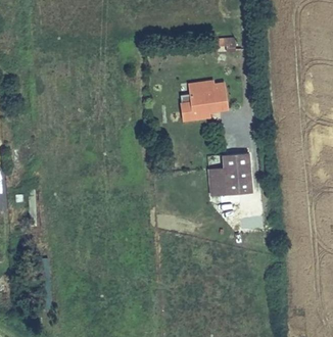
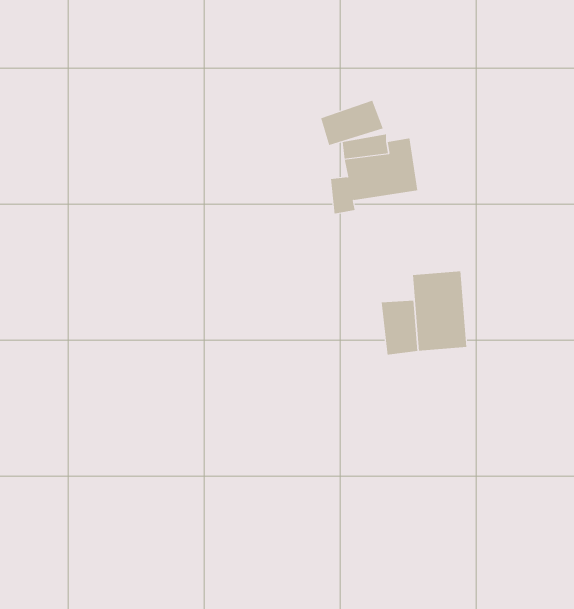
building: none -> [321,100,383,146]

